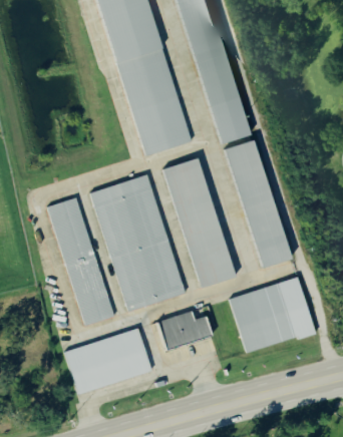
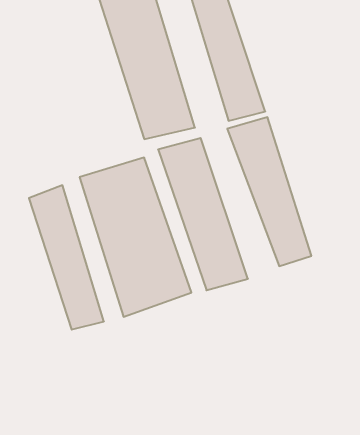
building: [225,275,315,351] -> none
building: [153,309,218,357] -> none
building: [61,325,156,397] -> none

